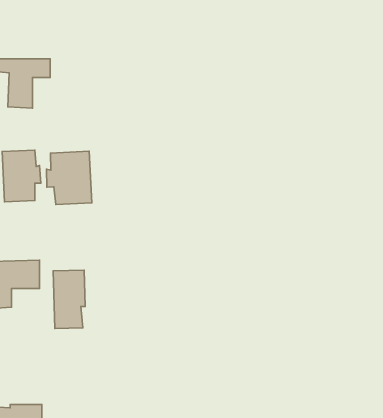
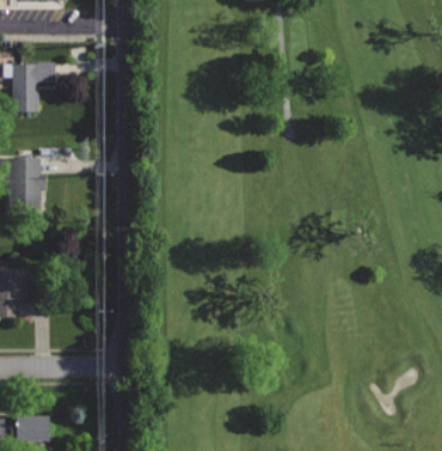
building: [47,151,92,205] -> none
building: [53,270,85,329] -> none

